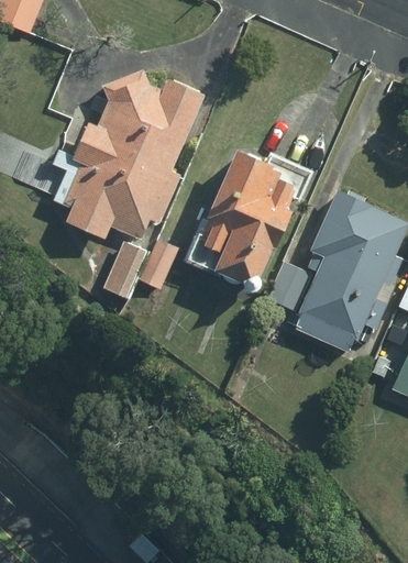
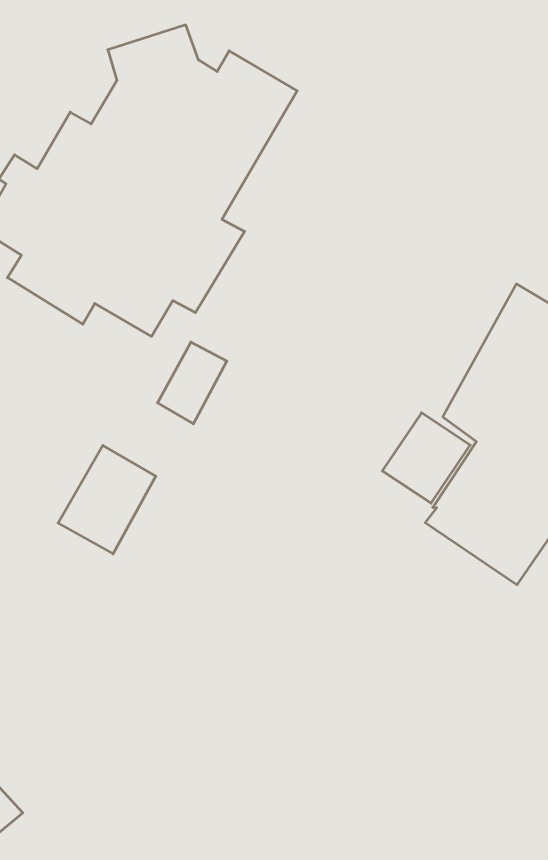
building: [180,145,316,288] -> none
building: [98,241,150,300] -> [58,445,156,554]

